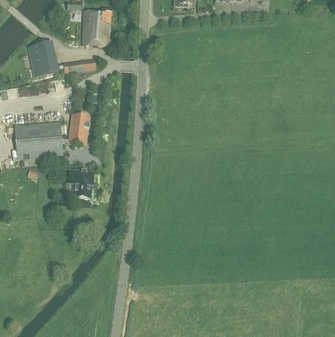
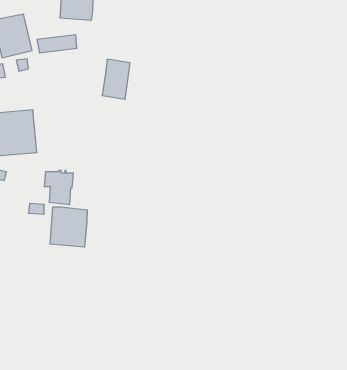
building: [67,113,90,146] -> [102,59,130,99]
building: none -> [50,207,87,247]

